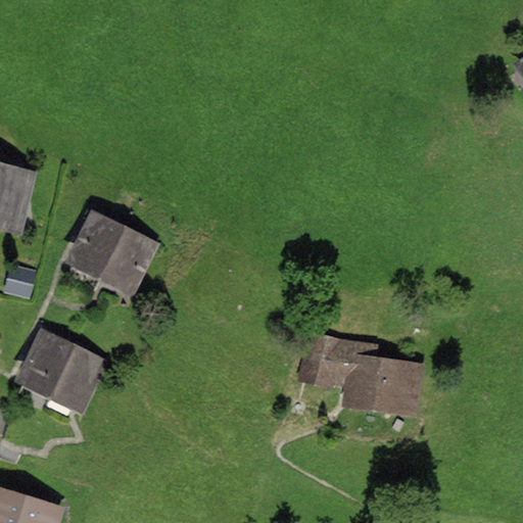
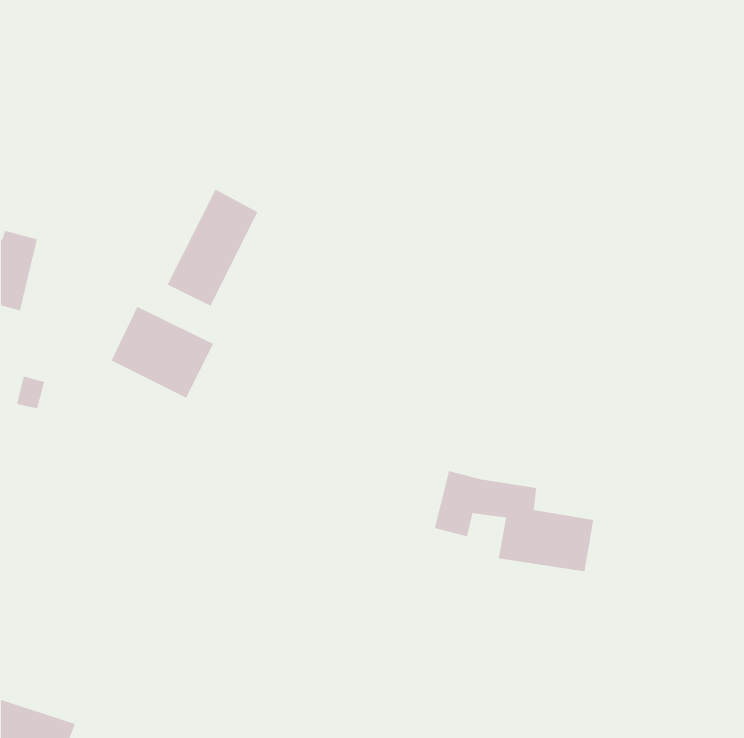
building: none -> [166,189,258,307]
building: [27,337,99,401] -> none

